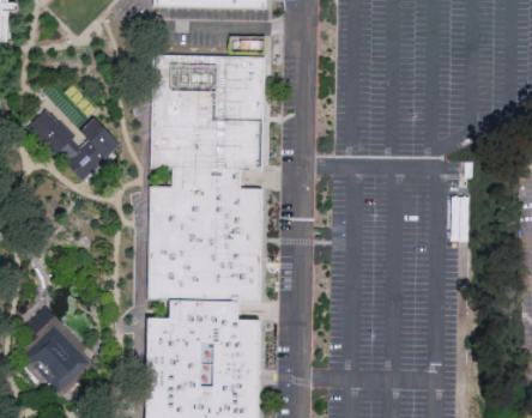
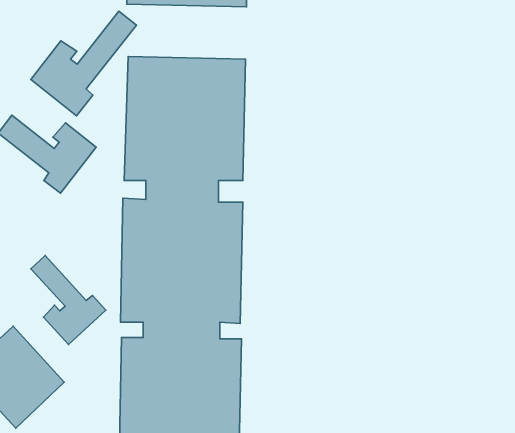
building: none -> [31,11,137,116]
building: none -> [31,255,106,344]

